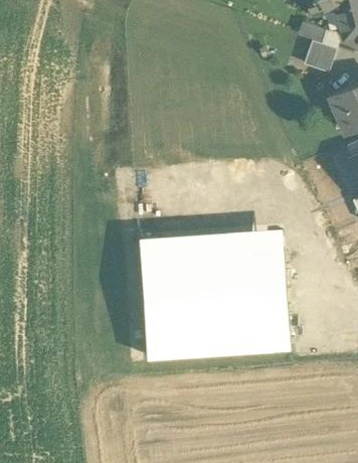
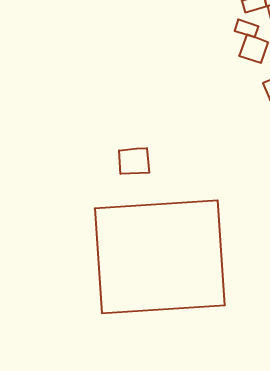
building: none -> [119,148,149,174]

